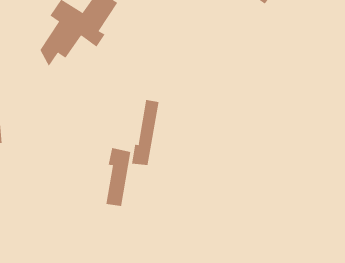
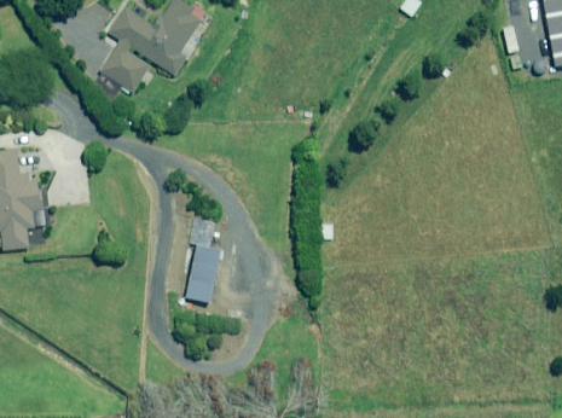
building: [132,99,159,166] -> none

